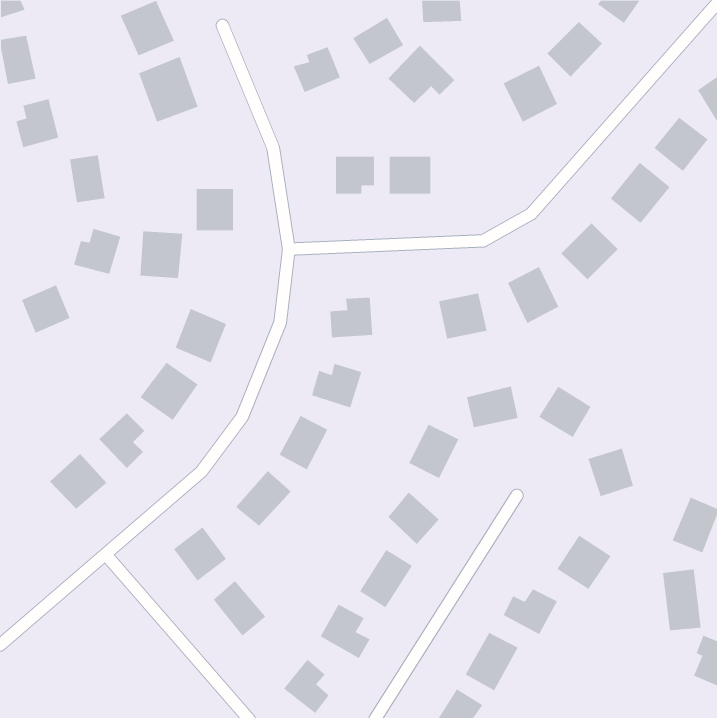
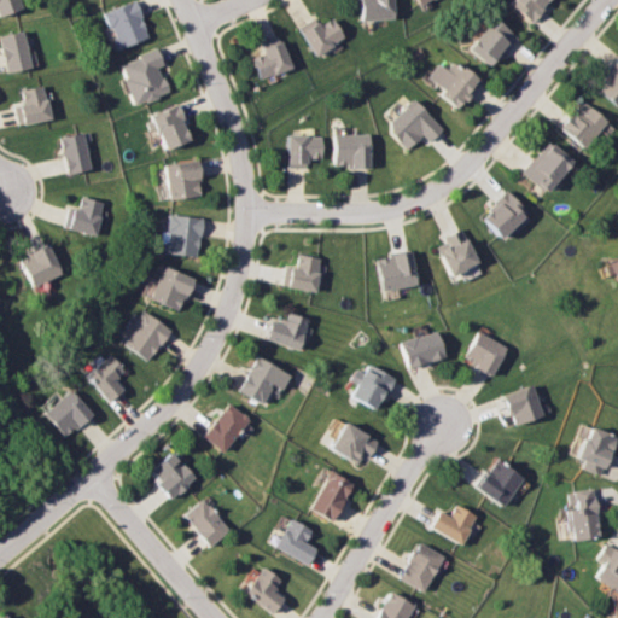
building: [387,45,455,104] -> [386,99,444,150]
building: none -> [153,104,193,151]
building: [140,231,183,279] -> [167,216,204,257]

